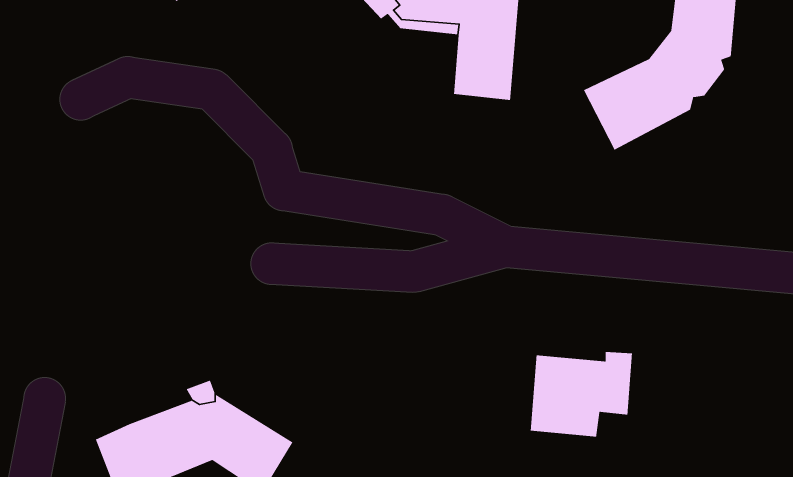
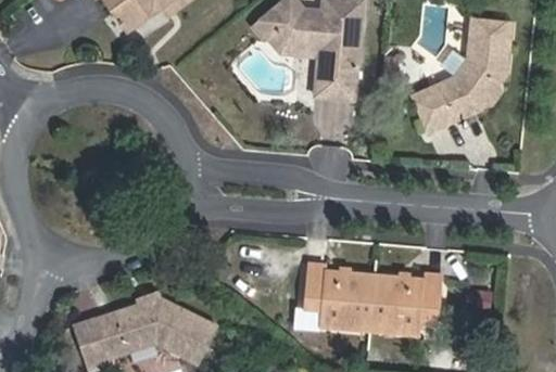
building: none -> [300,262,372,328]

